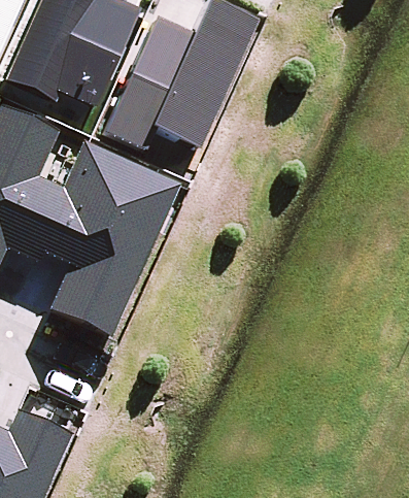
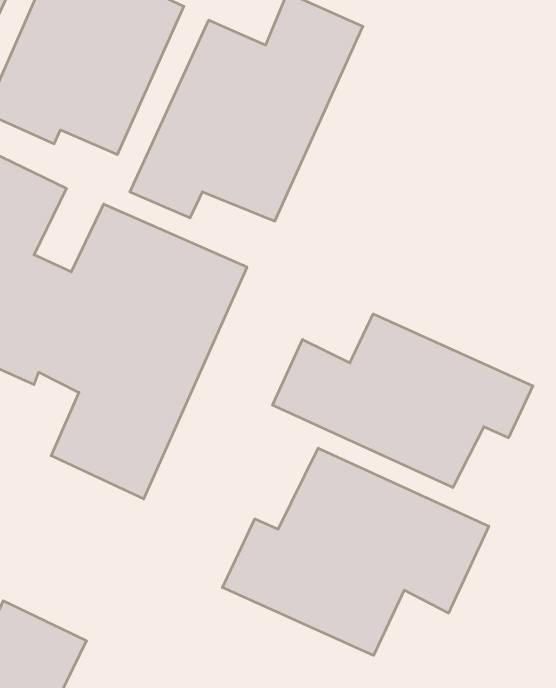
building: none -> [272,314,533,488]
building: none -> [222,448,489,655]

